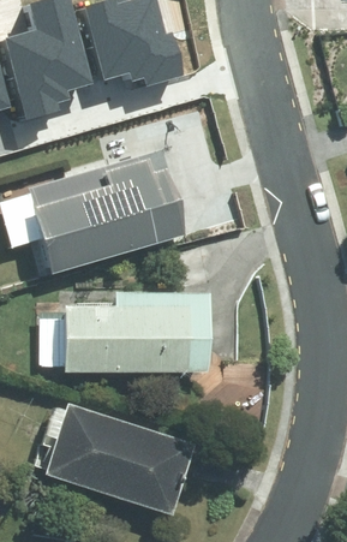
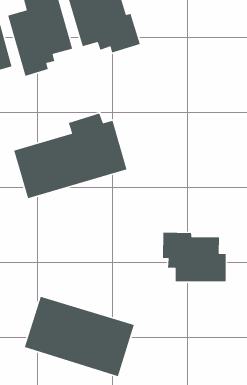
building: [49,282,204,374] -> none
building: none -> [162,232,226,282]

